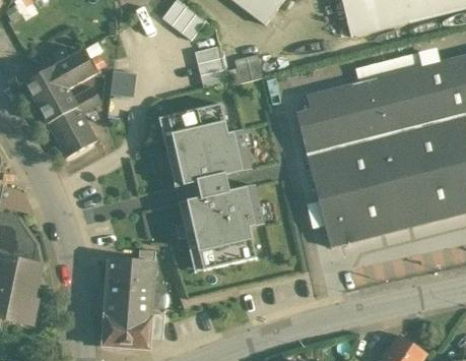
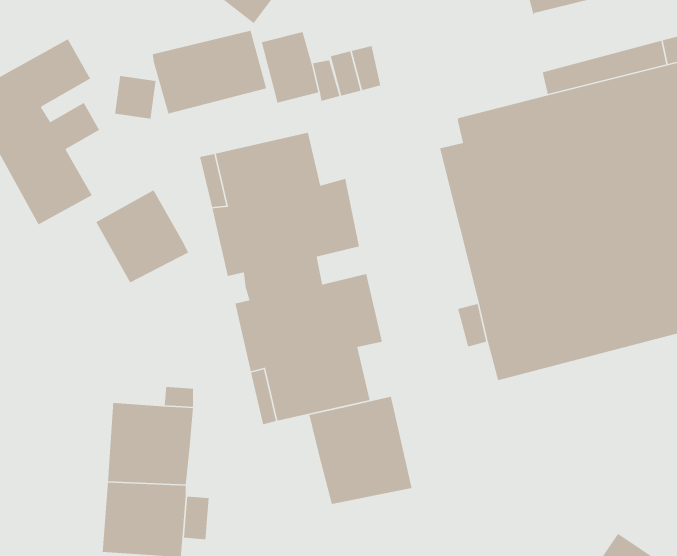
building: none -> [152,30,267,114]
building: none -> [95,189,189,284]
building: none -> [308,396,413,505]

